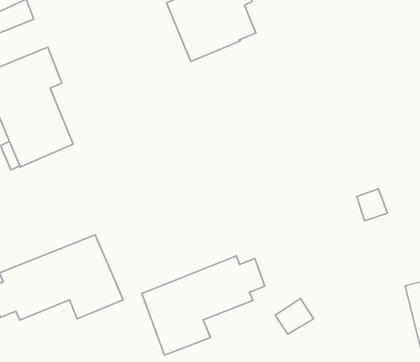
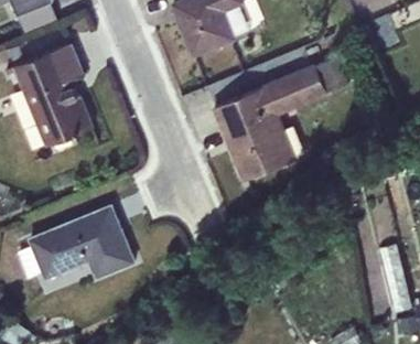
building: none -> [213,57,348,181]
building: [142,256,265,355] -> none

